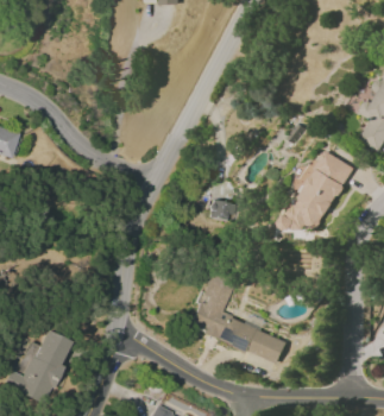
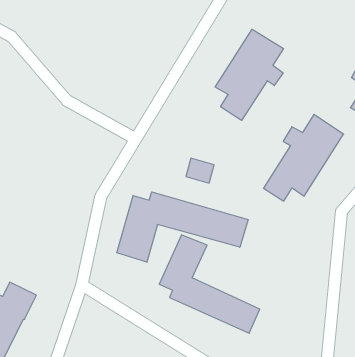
building: none -> [215,29,284,120]
building: none -> [117,192,248,262]

